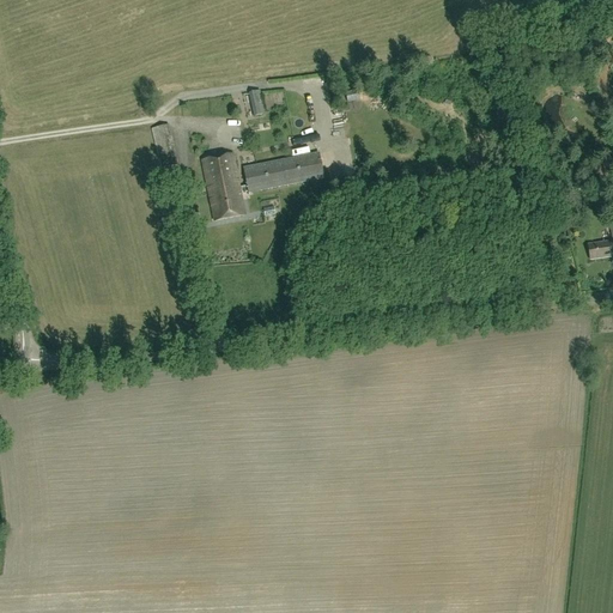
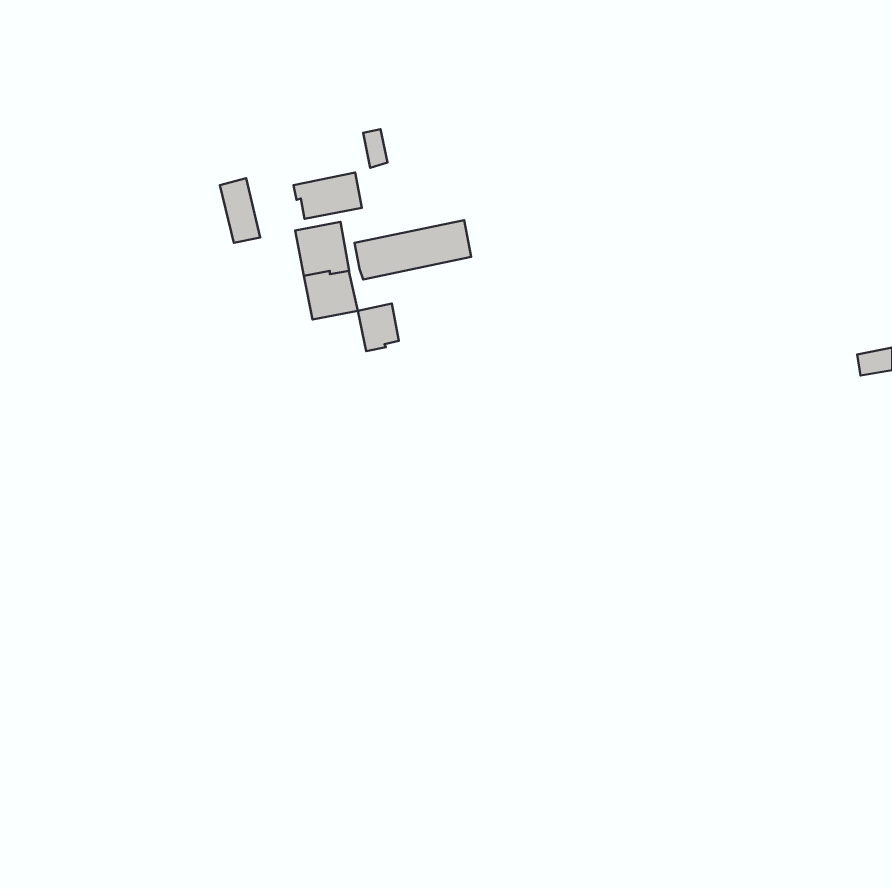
building: none -> [294,173,362,219]
building: none -> [358,304,399,351]

